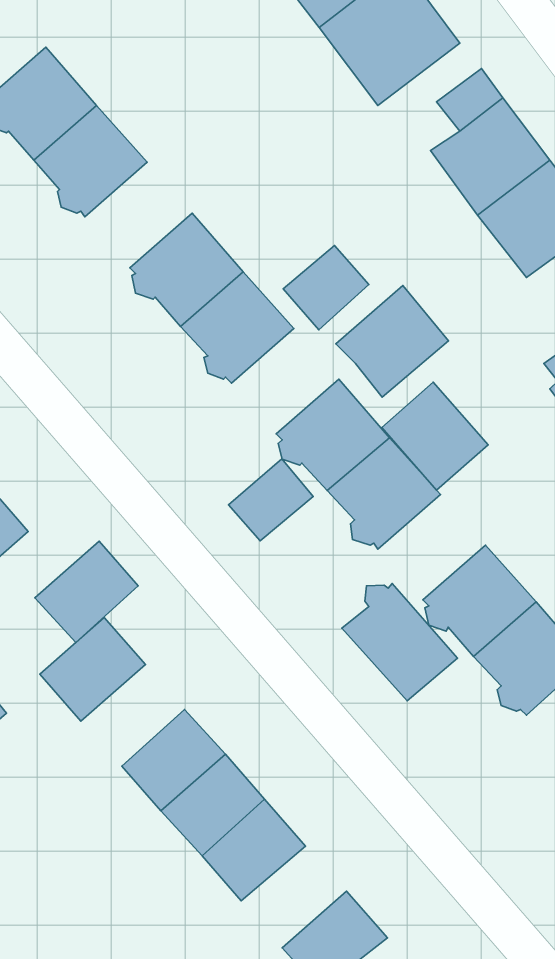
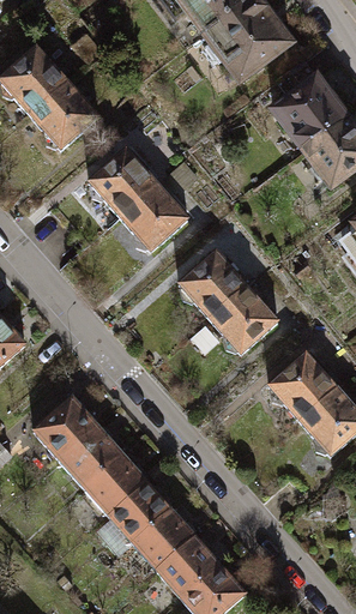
building: [283,245,369,330] -> none
building: [336,286,448,397] -> none
building: [382,382,488,490] -> none
building: [229,459,313,541] -> none
building: [35,541,138,643] -> [58,423,121,486]
building: [342,584,458,701] -> none
building: none -> [156,535,221,597]

